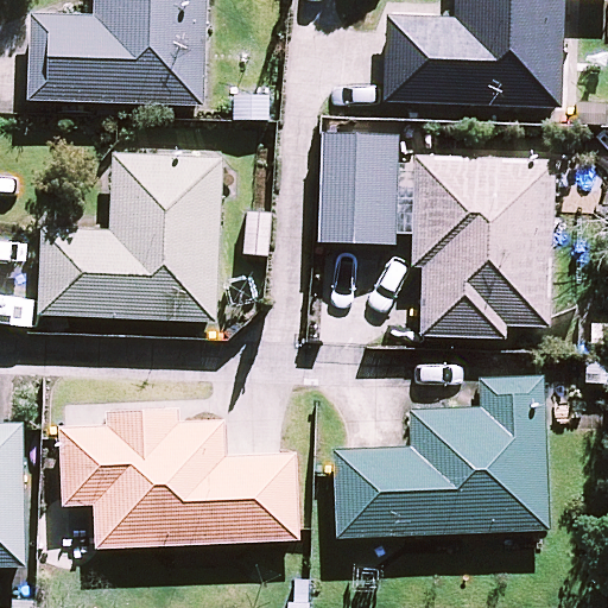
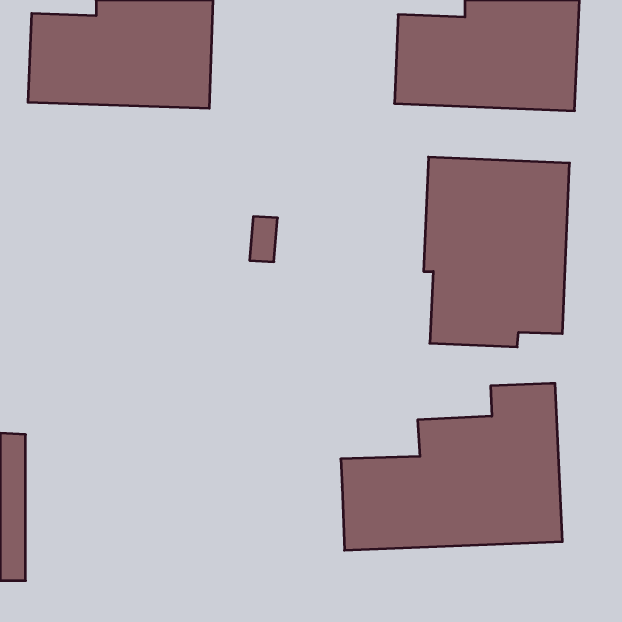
building: [317,132,398,243] -> none
building: [39,153,223,321] -> none
building: [58,406,298,547] -> none

